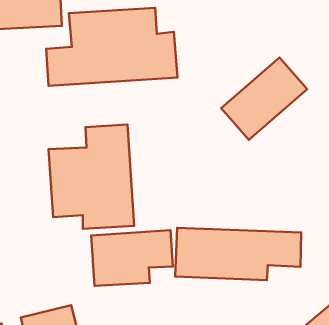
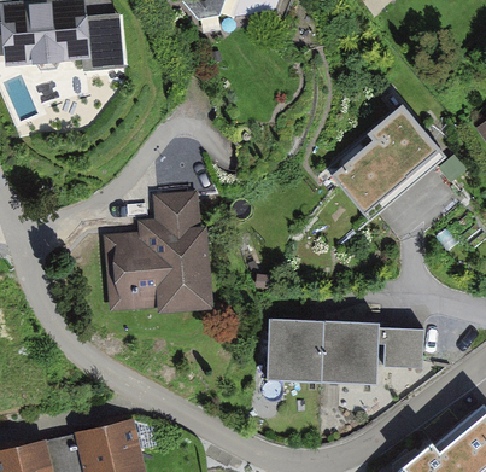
building: [46,8,178,86] -> none
building: [91,230,173,286] -> none

